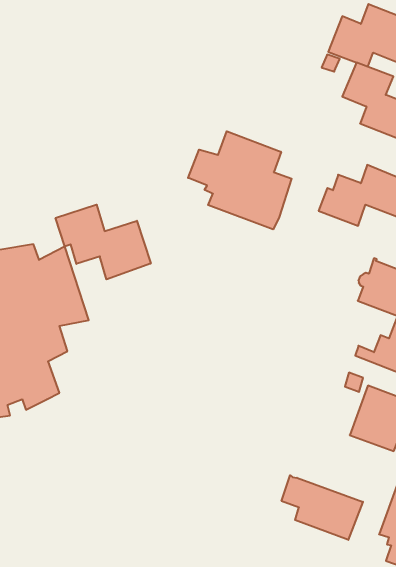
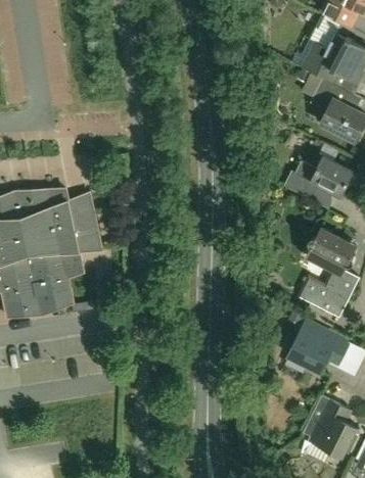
building: [188,131,292,229] -> none
building: [56,205,151,279] -> none
building: [282,475,363,540] -> none

